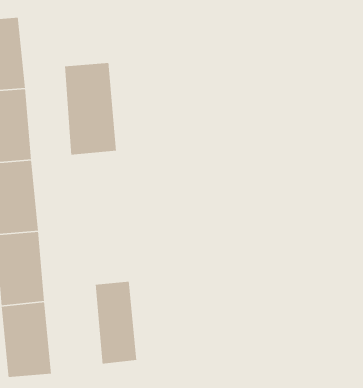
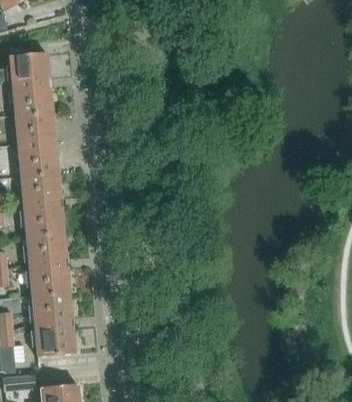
building: [64,62,117,155] -> none
building: [95,281,137,364] -> none

